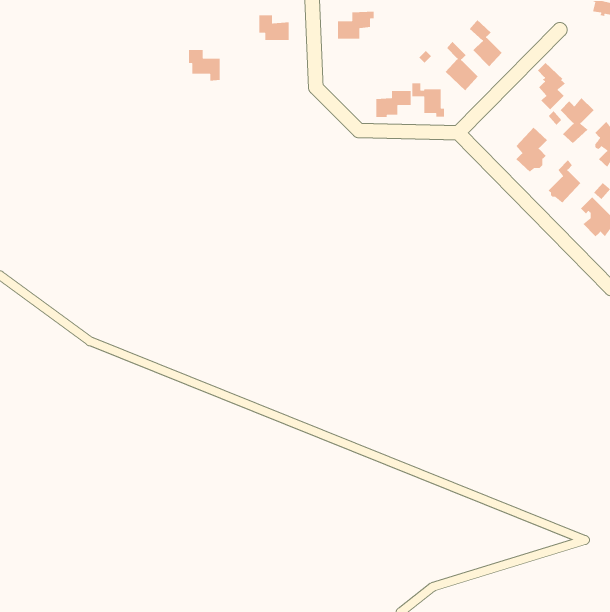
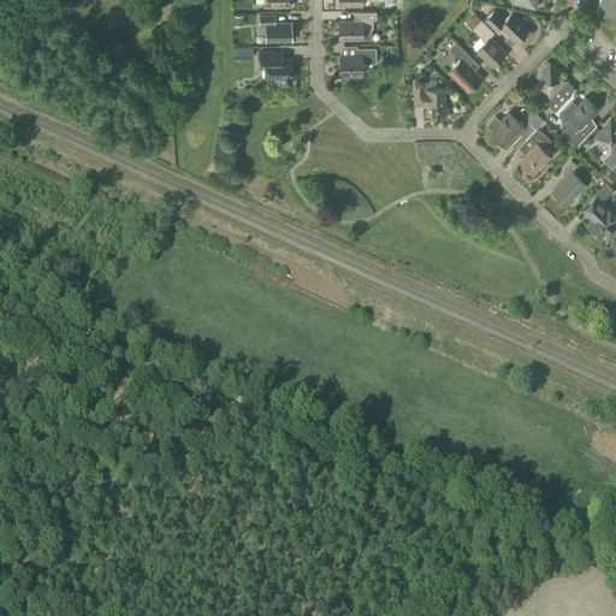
building: none -> [485,11,529,42]
building: [188,49,220,82] -> [260,52,292,84]
building: [376,90,411,118] -> [340,48,377,76]
building: none -> [488,117,537,147]

